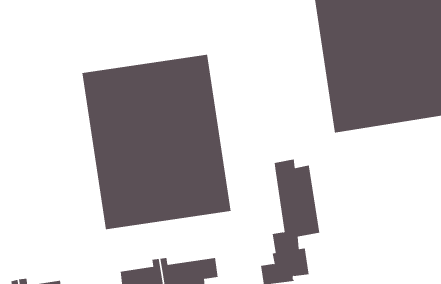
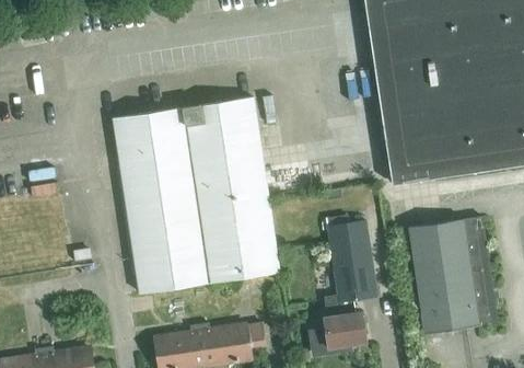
building: none -> [409,217,498,333]

